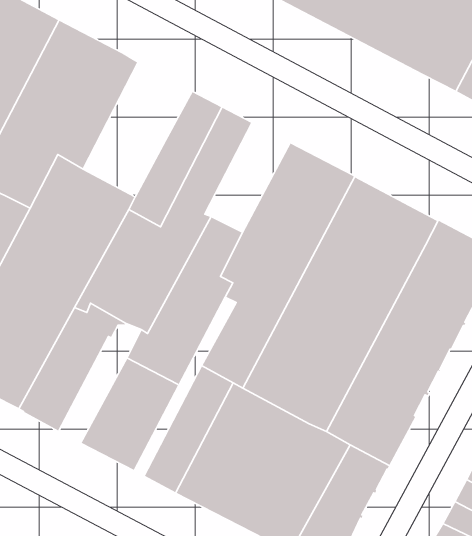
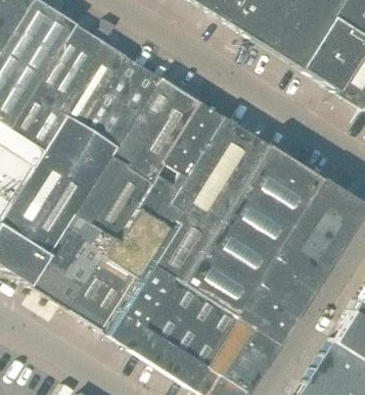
building: none -> [85,55,163,146]
building: none -> [165,102,226,176]
building: none -> [54,231,116,309]

